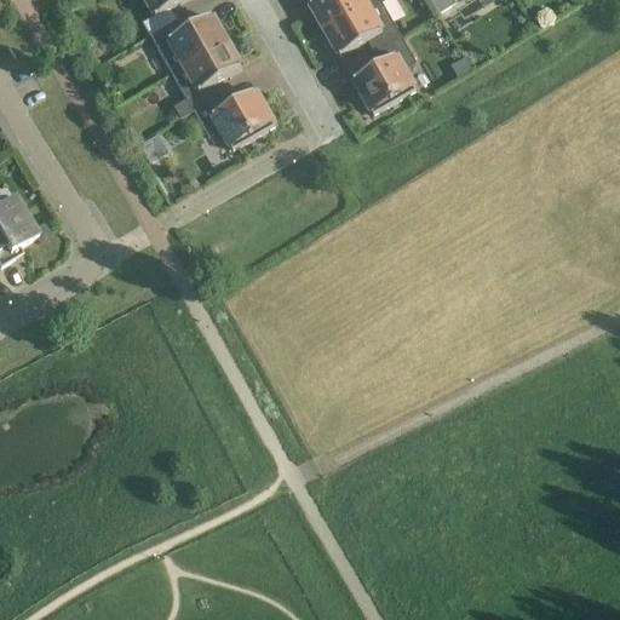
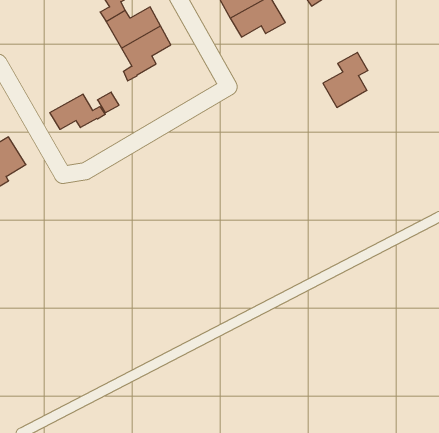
building: [352,31,415,109] -> [323,52,368,107]
building: [193,86,274,144] -> none
building: none -> [50,94,105,129]

